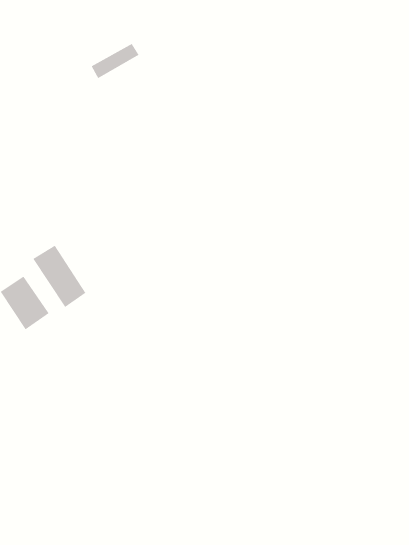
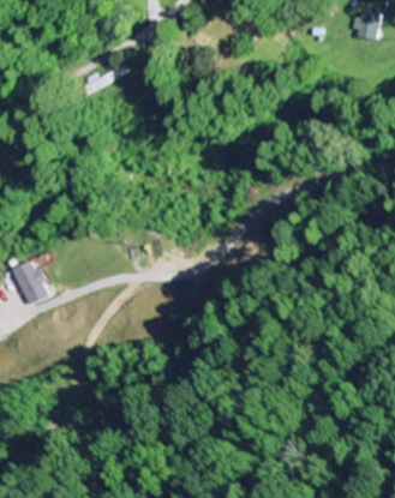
building: [32,245,86,308] -> none

